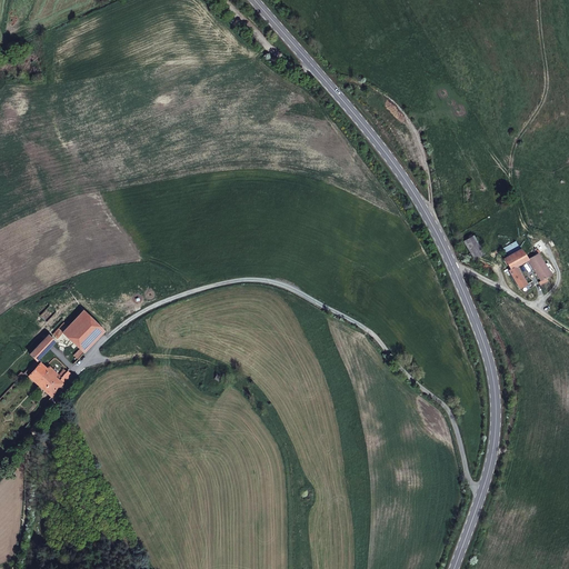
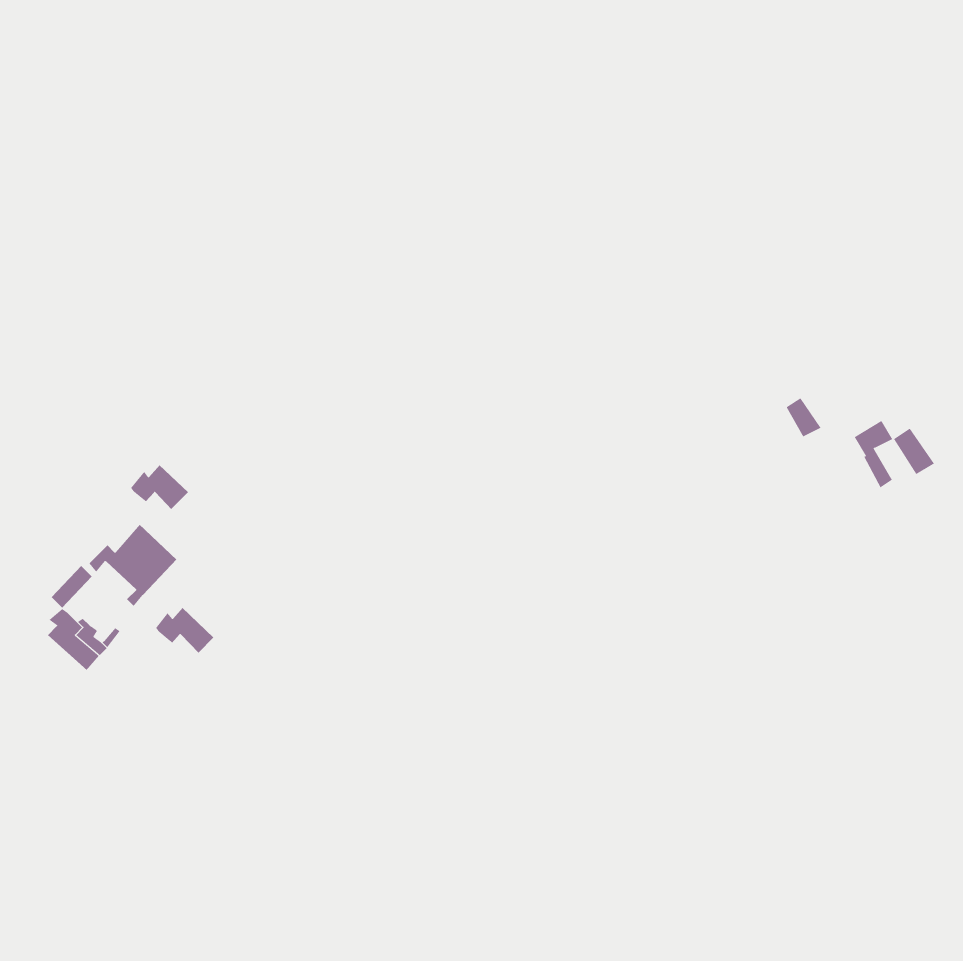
building: none -> [131,464,189,510]
building: none -> [156,607,214,654]

